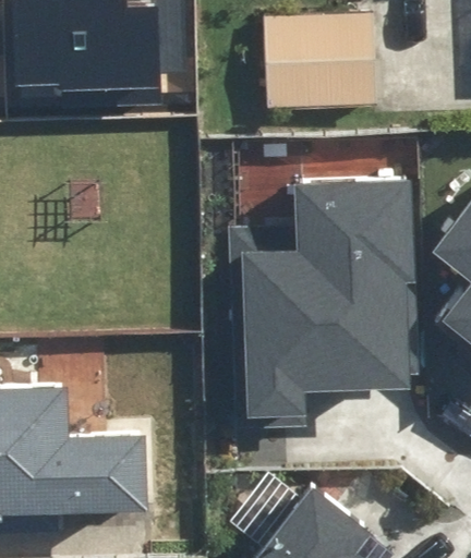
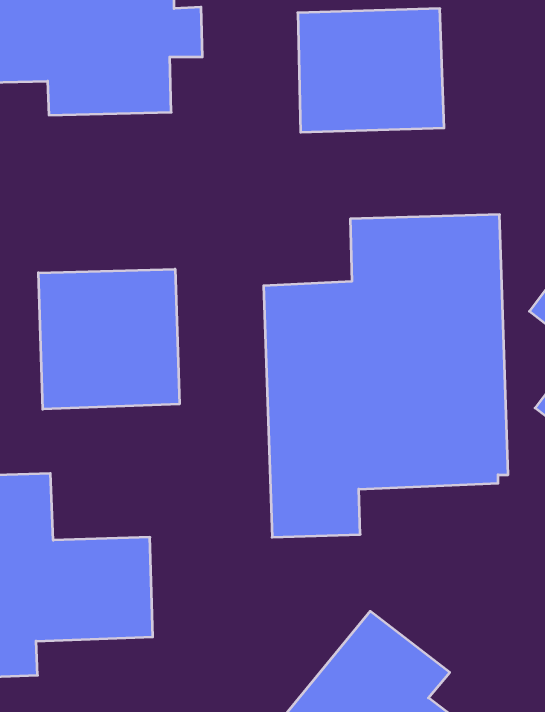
building: none -> [38,269,179,409]

